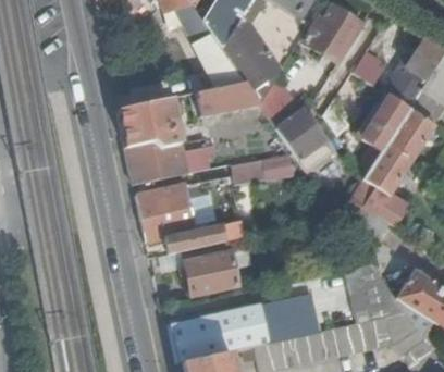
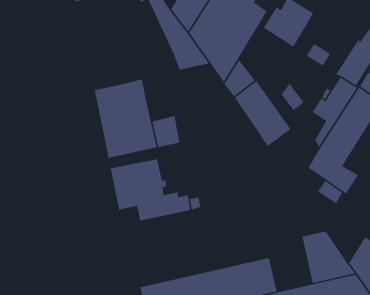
building: [199,79,262,114] -> none
building: [232,153,295,184] -> none
building: [186,248,254,294] -> none

